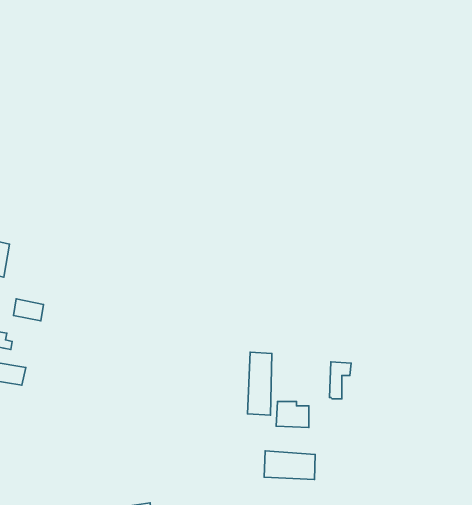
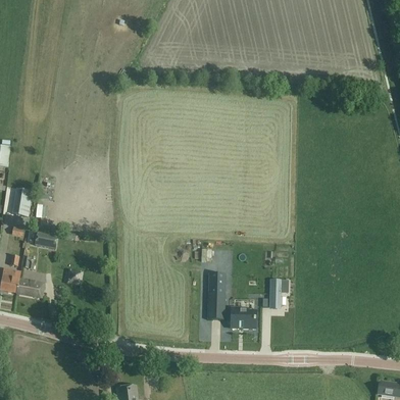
building: [264,451,315,479] -> none

